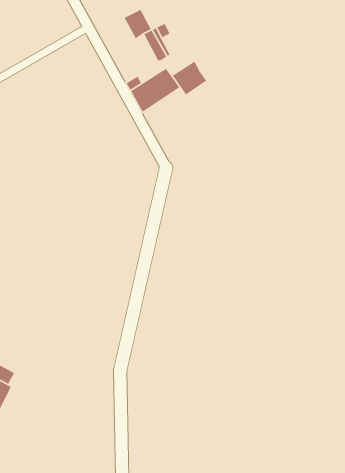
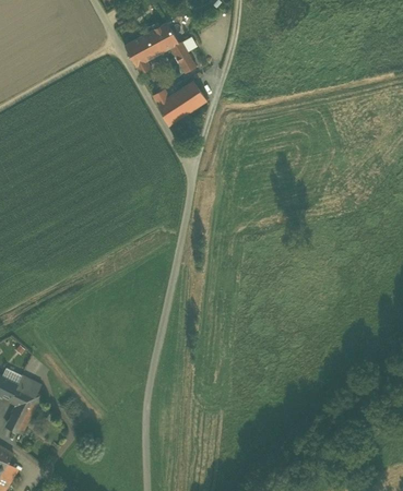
building: none -> [126,31,163,73]
building: [172,61,207,96] -> none

